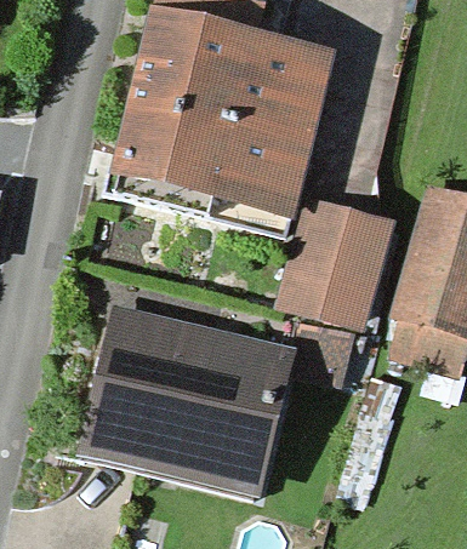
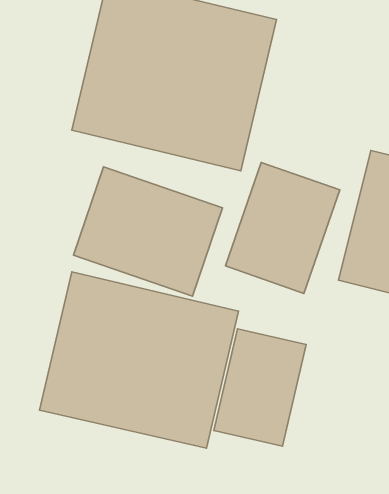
building: none -> [73,167,223,296]
building: none -> [214,329,306,446]

